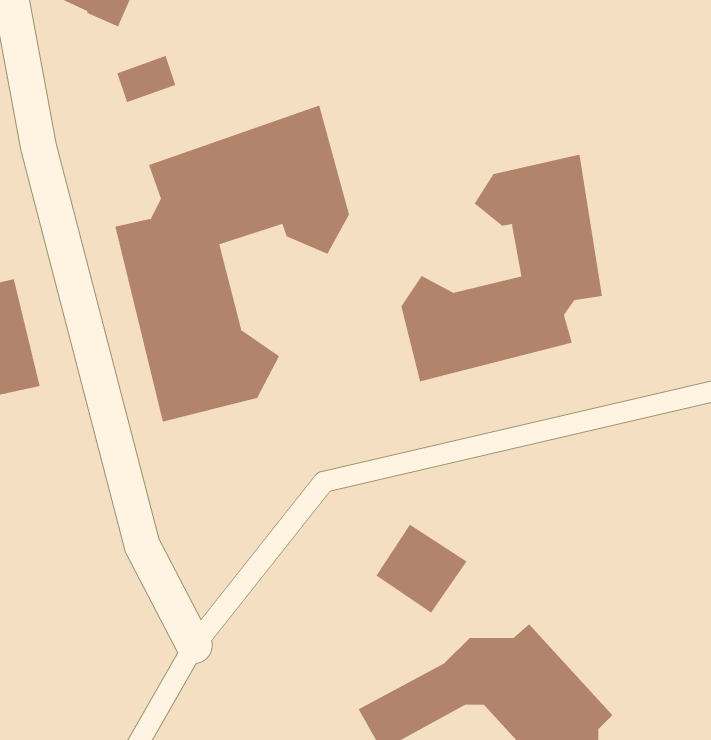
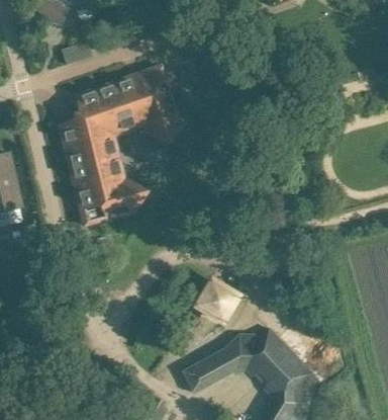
building: [401,154,602,382] -> none

